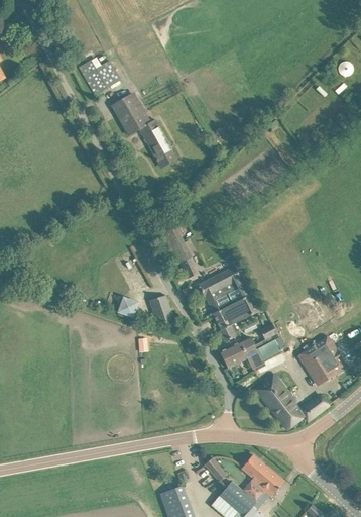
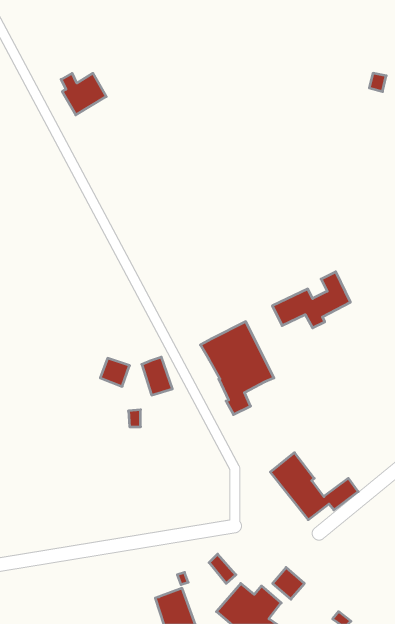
building: [113,95,176,168] -> none
building: [161,223,193,264] -> none
building: [220,323,284,370] -> [272,272,350,328]
building: [299,337,347,386] -> none
building: [241,455,268,482] -> none

